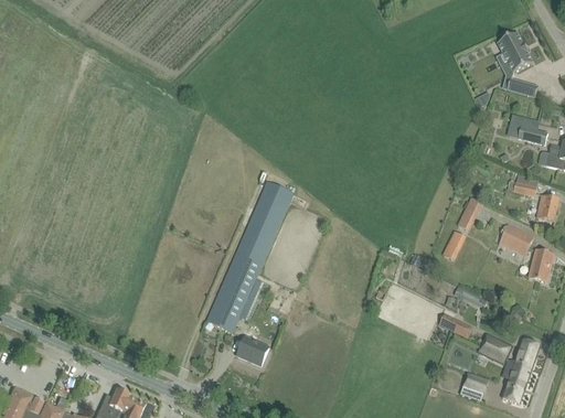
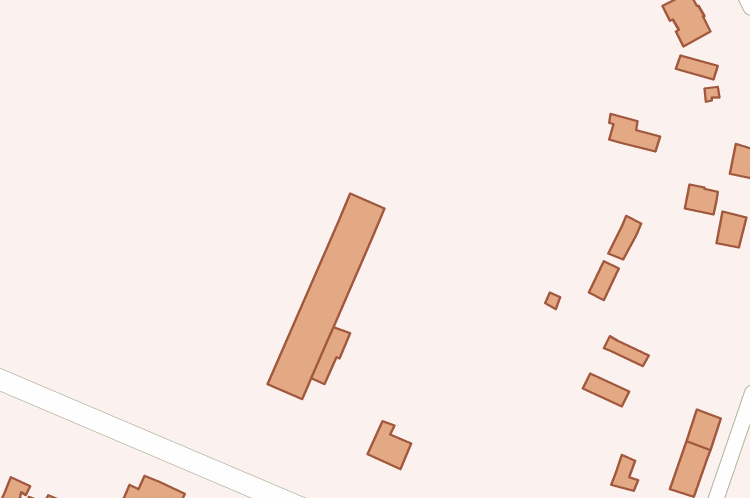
building: [510,115,547,142] -> [609,114,660,151]
building: [499,224,533,253] -> none
building: [527,248,554,281] -> none
building: [236,330,268,365] -> [368,421,411,469]
building: [479,334,508,363] -> none

